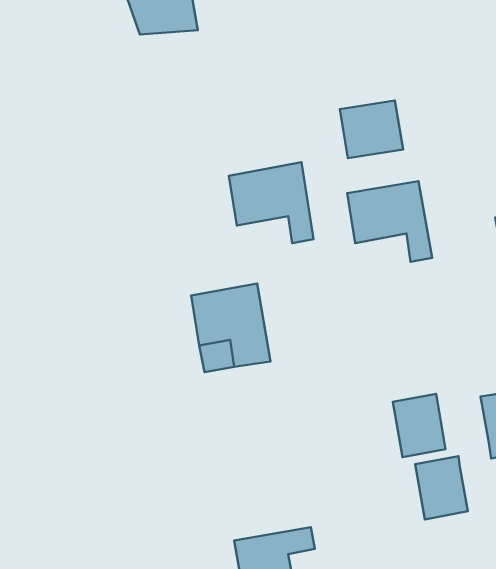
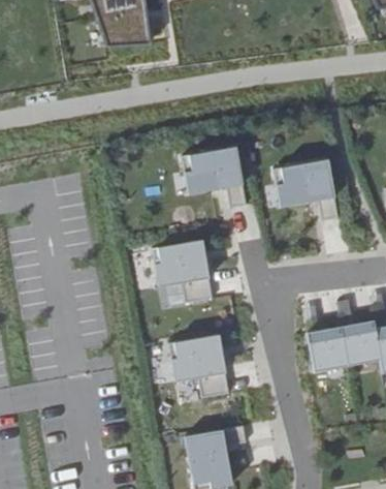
building: [340,101,403,158] -> none
building: none -> [167,335,228,399]
building: [415,456,468,519] -> [339,317,379,366]

